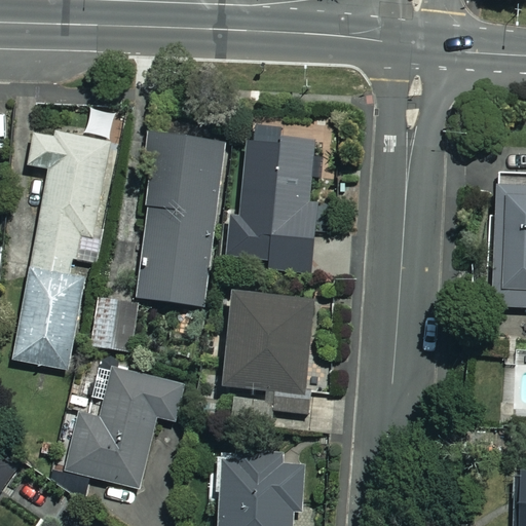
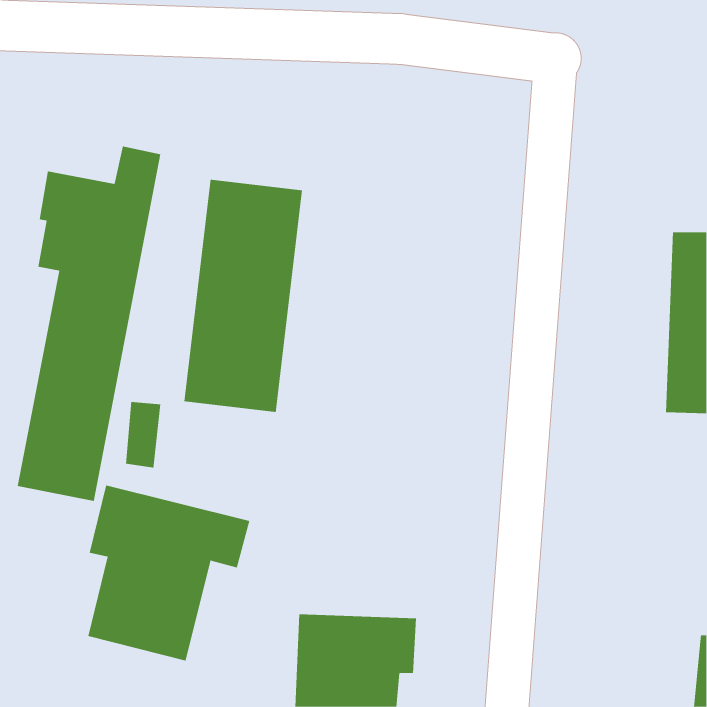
building: [235,140,317,271] -> none
building: [225,290,313,412] -> none

